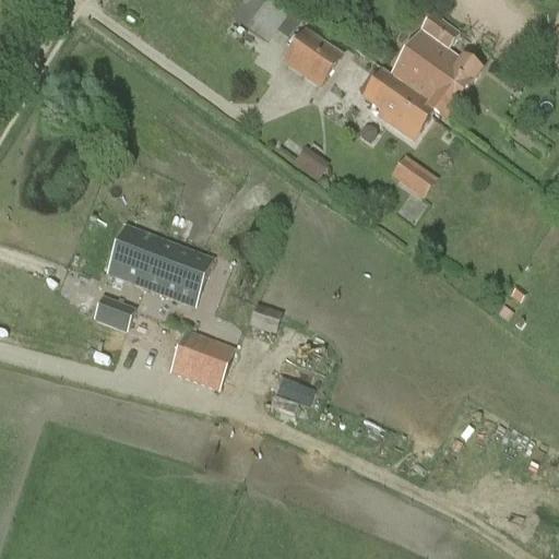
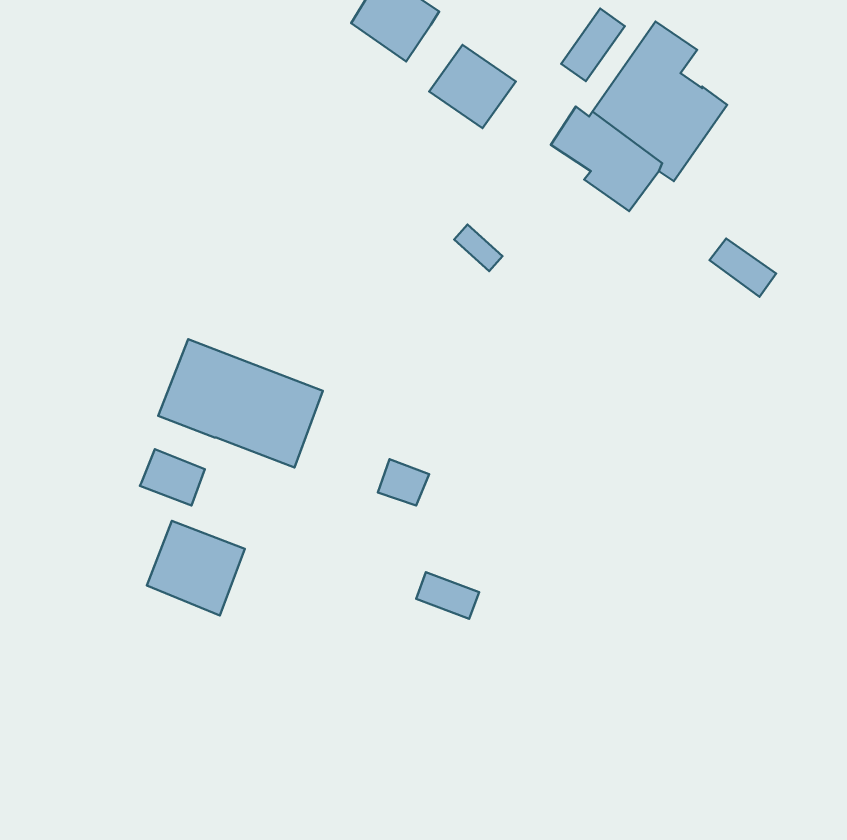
building: none -> [561,9,625,81]
building: [391,157,435,195] -> [709,239,776,297]
building: [168,329,233,391] -> [147,521,245,616]

